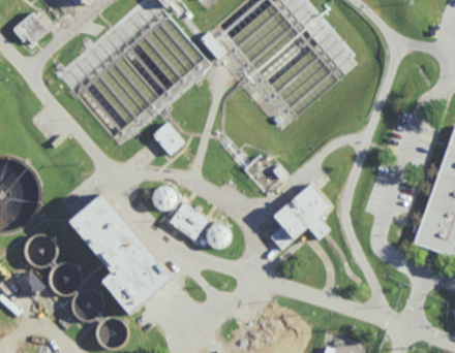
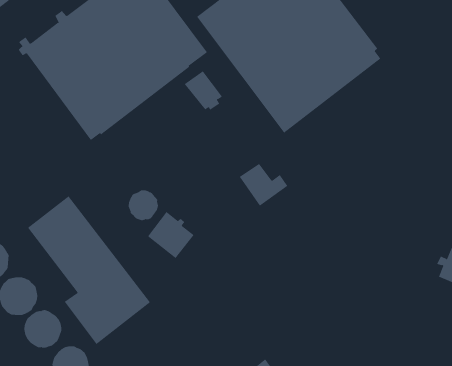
building: [151,121,184,154] -> [184,70,223,110]
building: [269,183,332,250] -> none
building: [206,223,230,247] -> none

